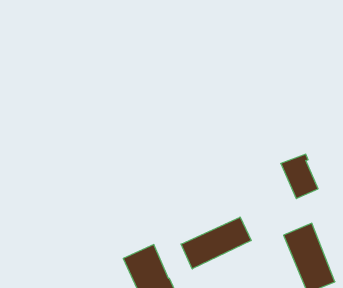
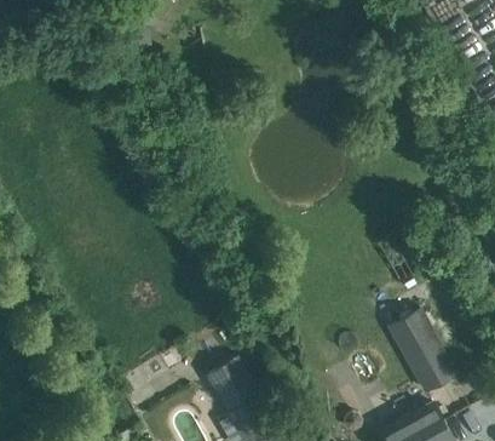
building: [181,217,251,269] -> none

